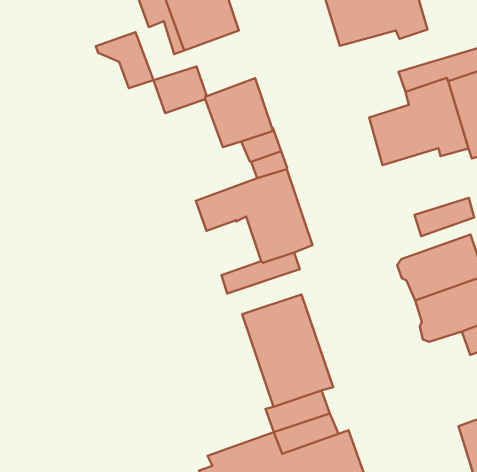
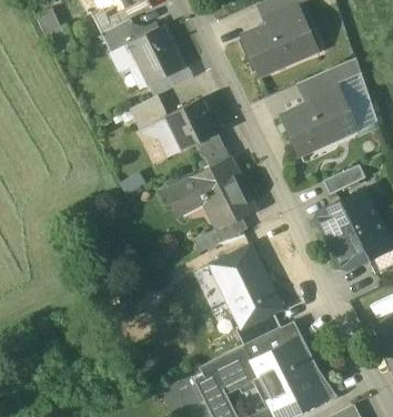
building: [96,32,153,88] -> [141,118,184,157]

